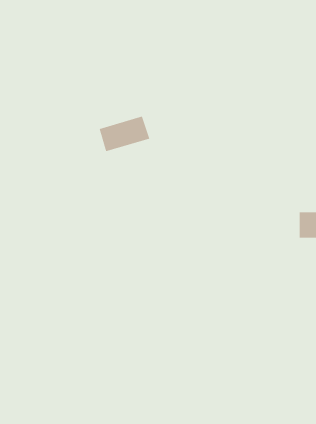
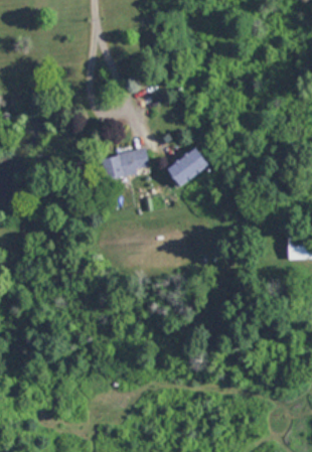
building: none -> [166,147,208,186]

